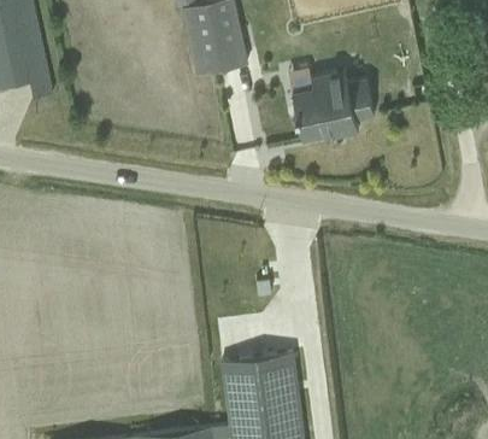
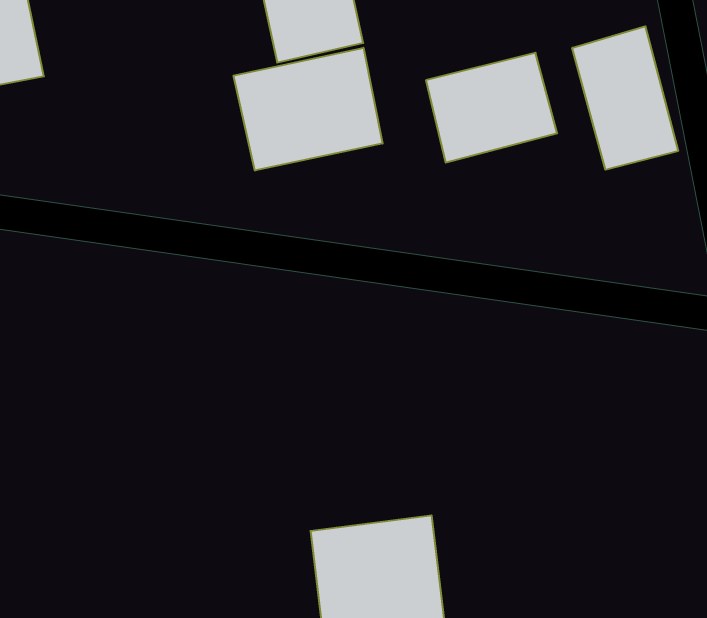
building: none -> [572,26,678,170]
building: none -> [234,48,383,171]

